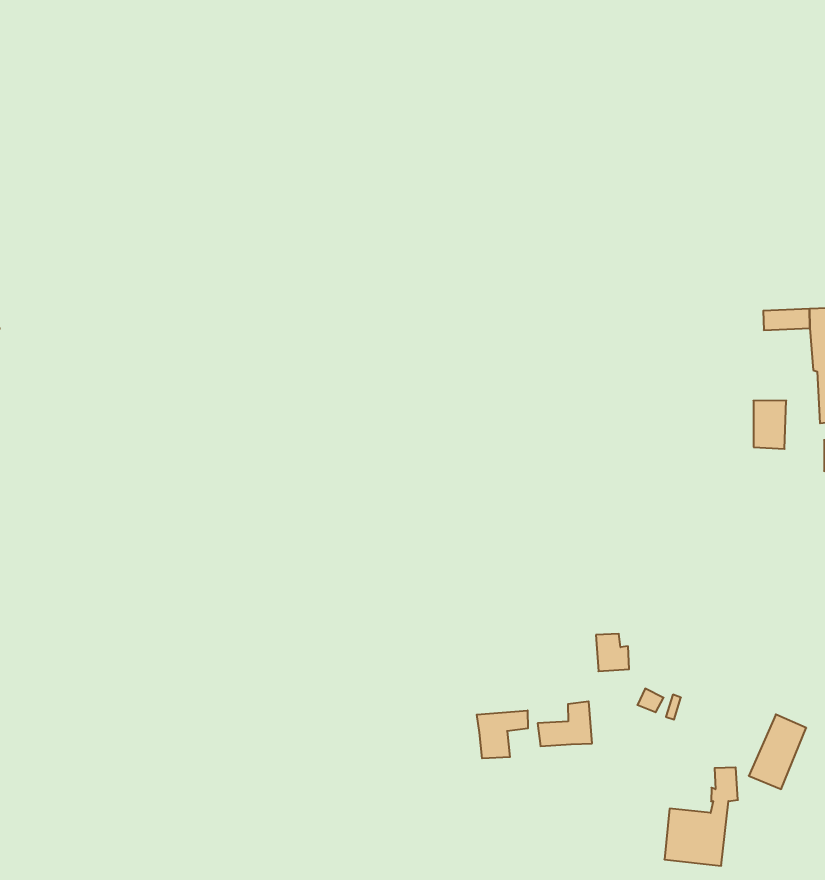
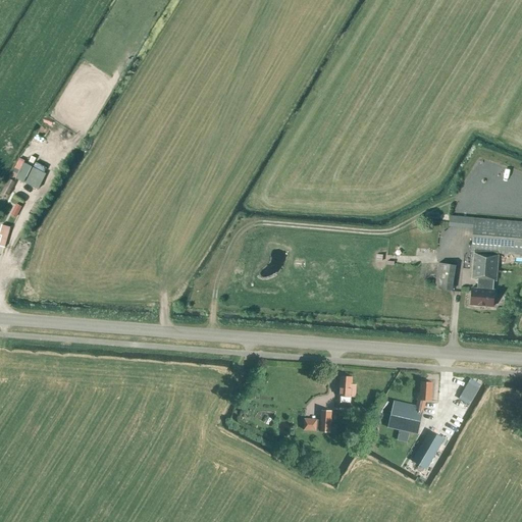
building: [477,710,528,758] -> none
building: [664,767,738,866] -> [388,381,432,433]

